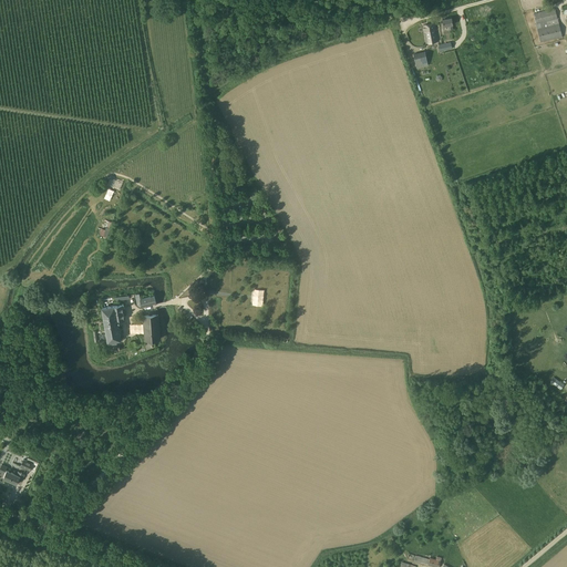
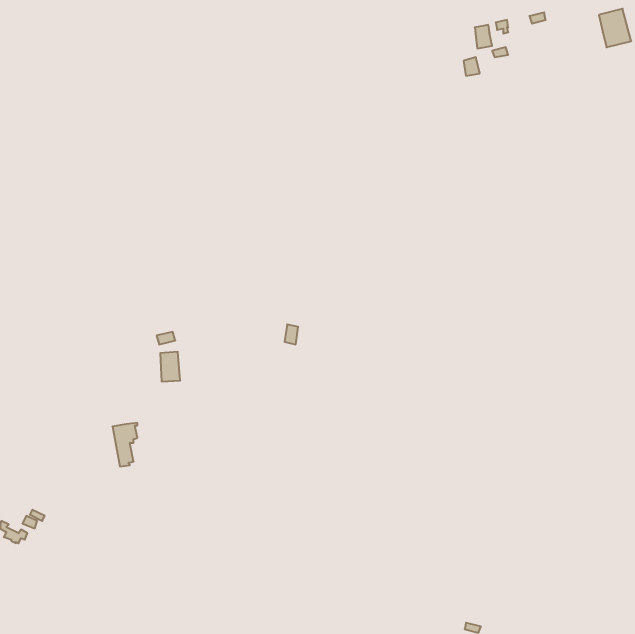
building: [102,306,124,344] -> [112,423,137,466]

